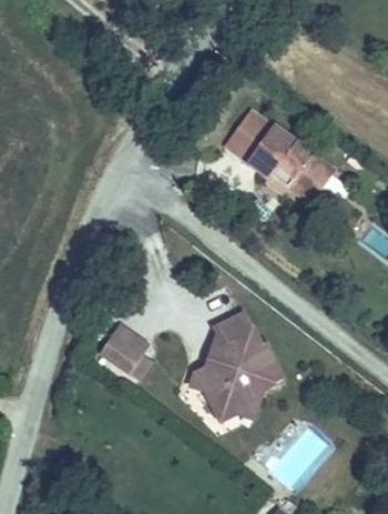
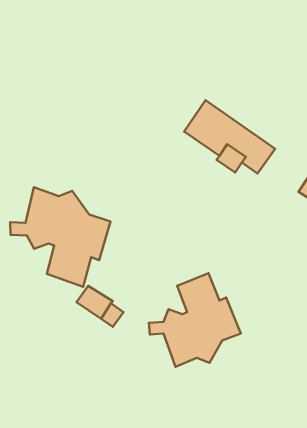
building: none -> [10,187,111,287]

